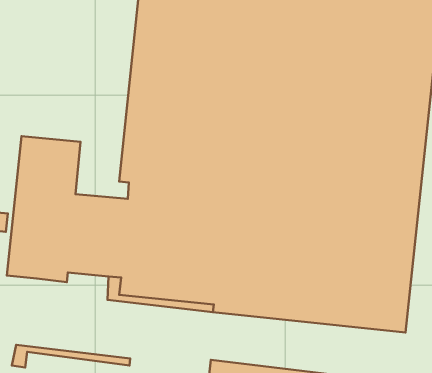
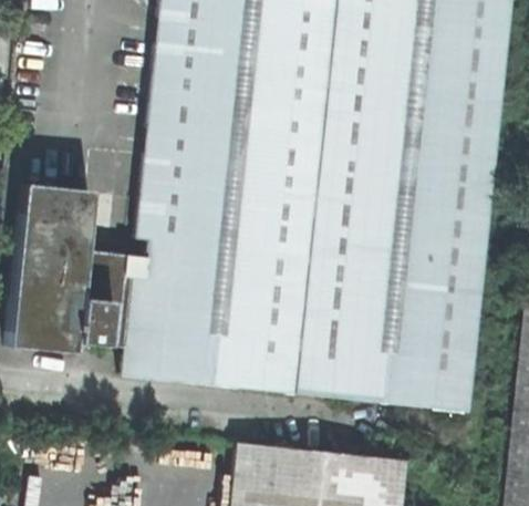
building: [12,345,130,368] -> none

